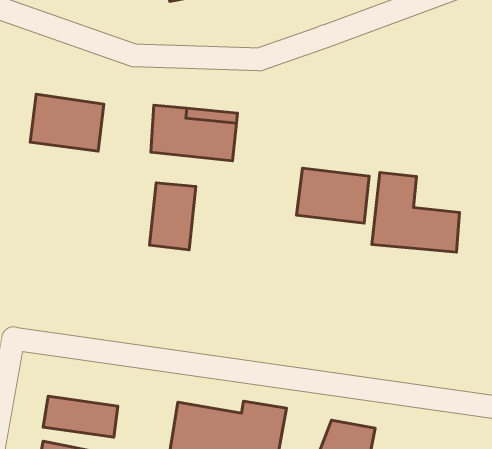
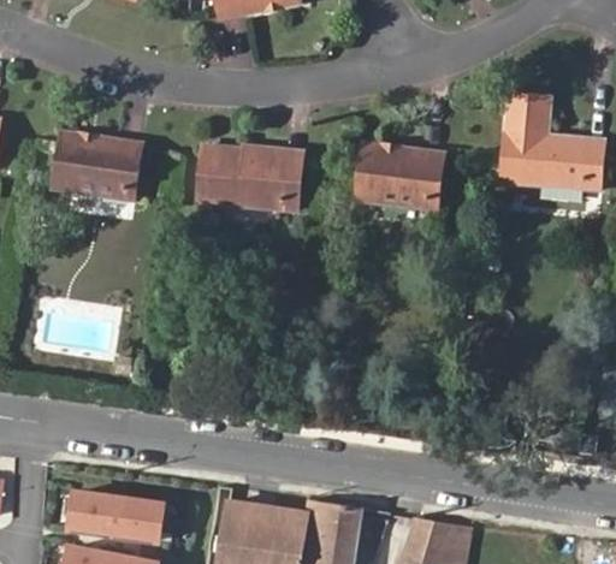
building: [296,168,369,223] -> [356,142,444,208]
building: [372,173,459,252] -> [498,90,604,186]
building: [149,183,196,250] -> none

